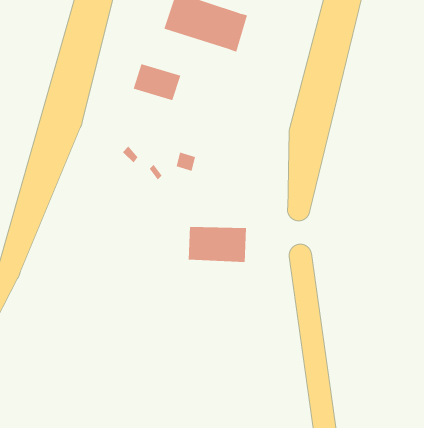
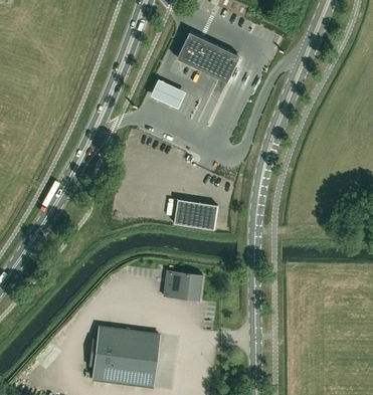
building: none -> [164,270,205,298]

